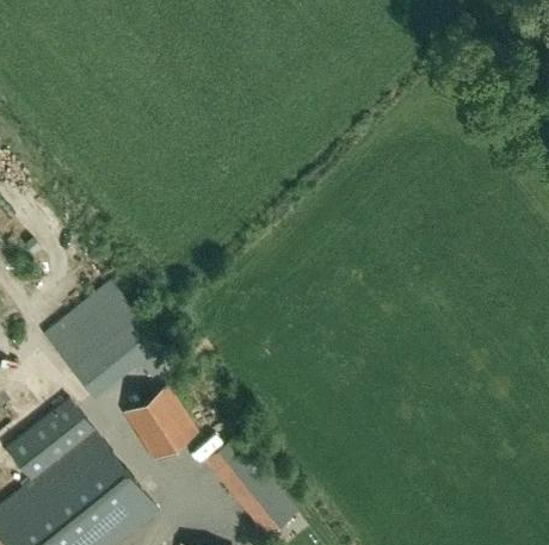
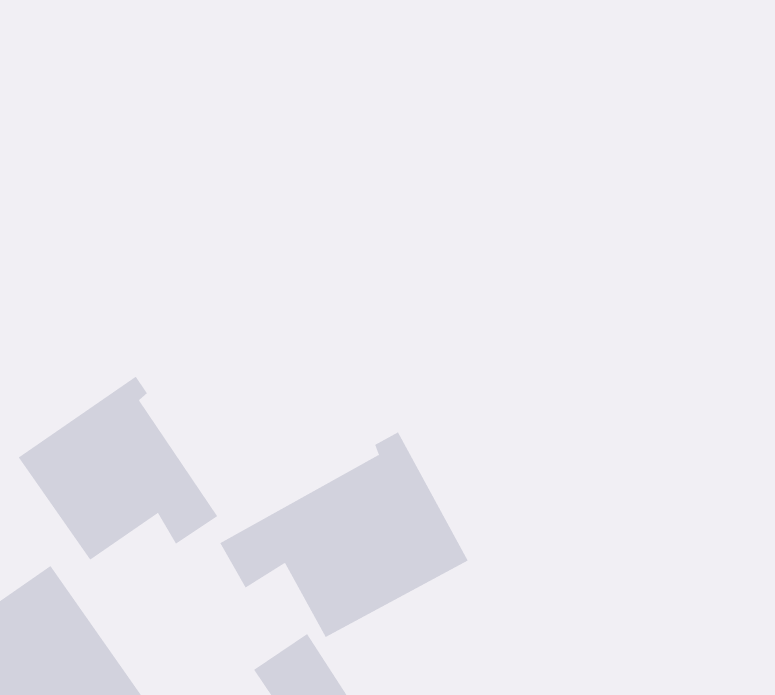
building: none -> [219,431,469,638]
building: [123,384,198,459] -> none

